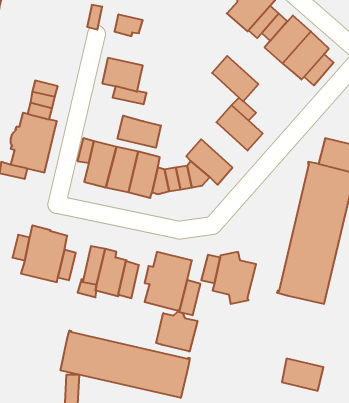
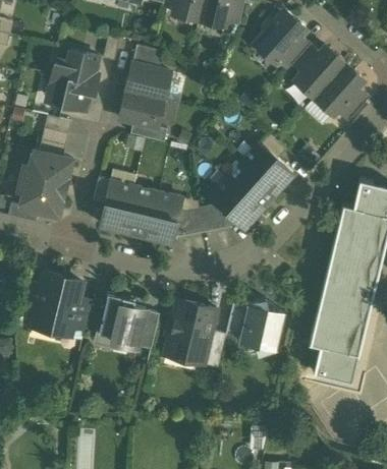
building: none -> [47,51,98,112]
building: none -> [125,64,170,101]
building: [212,56,258,101] -> [226,162,276,211]
building: [118,116,161,148] -> none
building: [156,311,197,351] -> none
building: [61,330,190,398] -> none
building: [282,359,323,391] -> [314,348,358,383]

